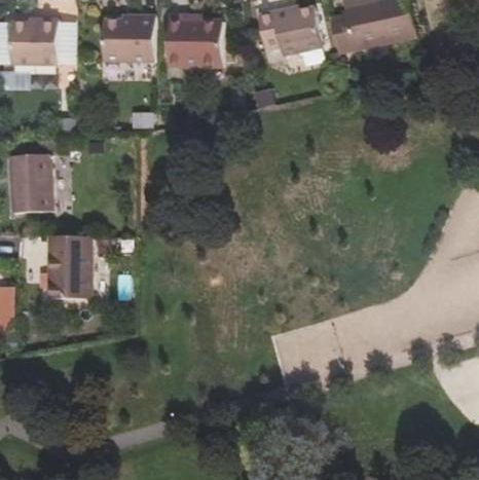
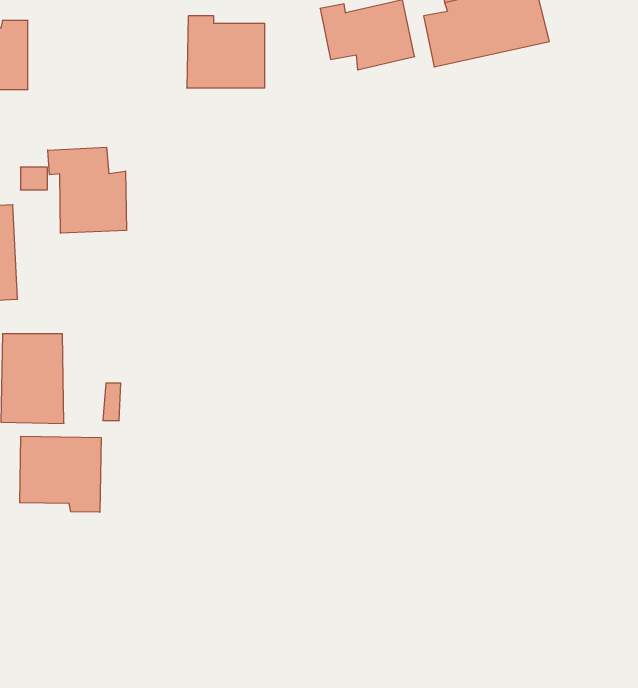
building: [105,17,155,63] -> none
building: none -> [48,147,126,233]
building: none -> [20,436,101,512]

